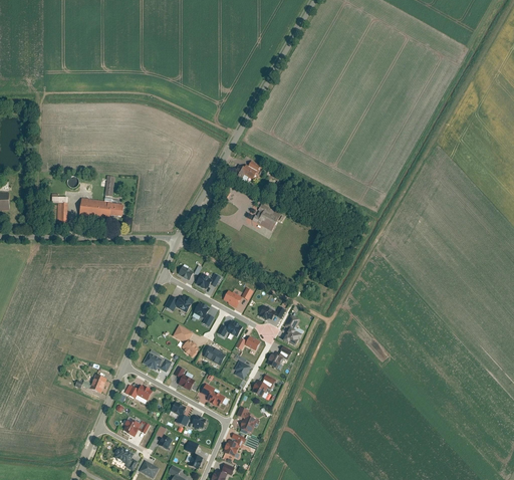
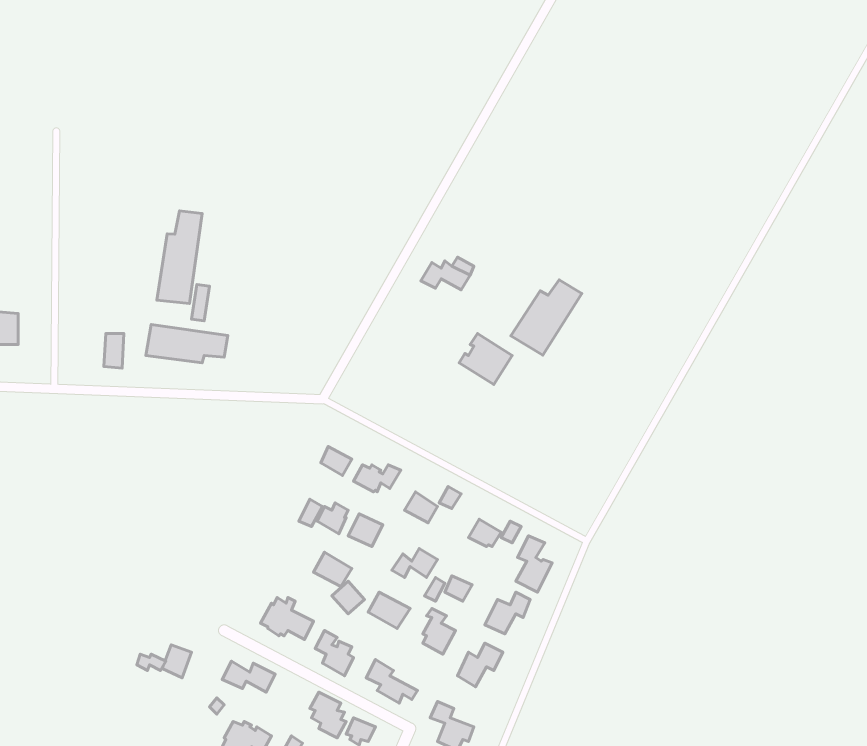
building: none -> [157,211,202,303]
building: none -> [511,280,582,355]

